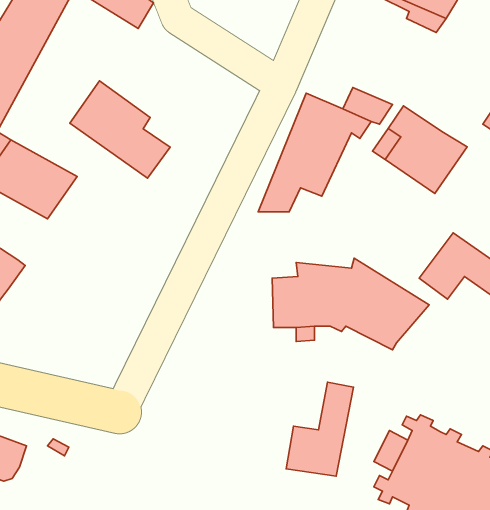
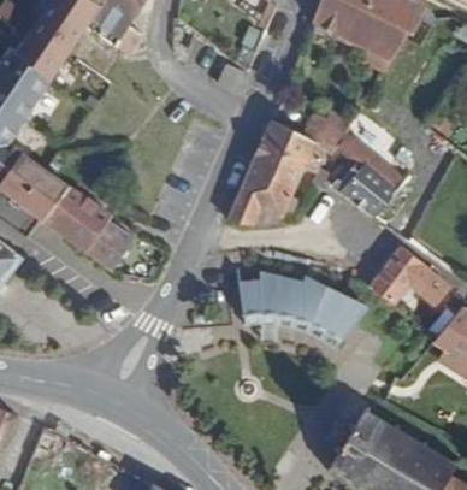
building: [70,81,170,178] -> [53,194,138,277]
building: [286,382,353,476] -> none

